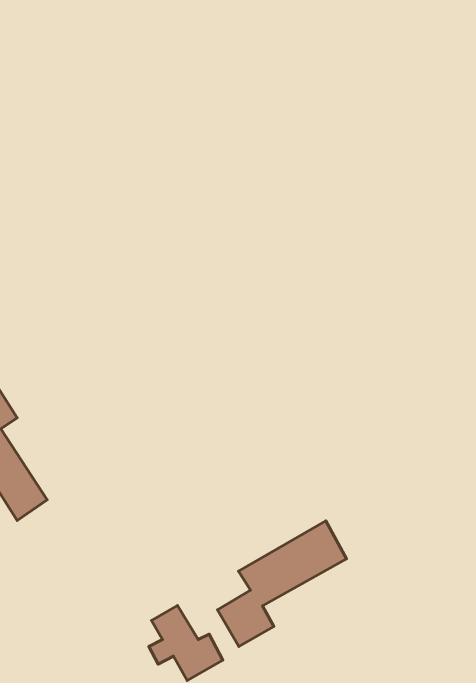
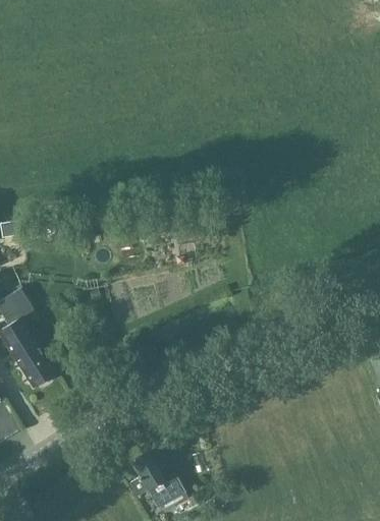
building: [218,521,346,647] -> none

